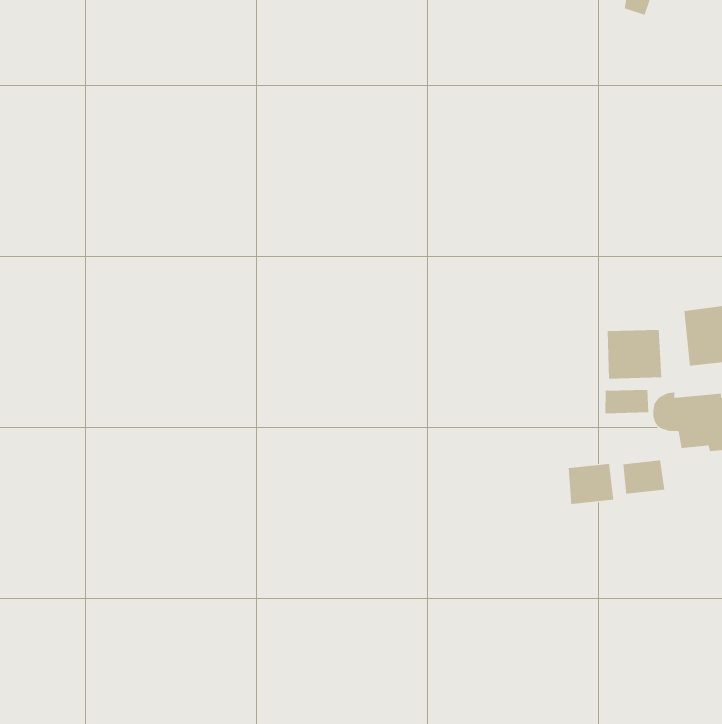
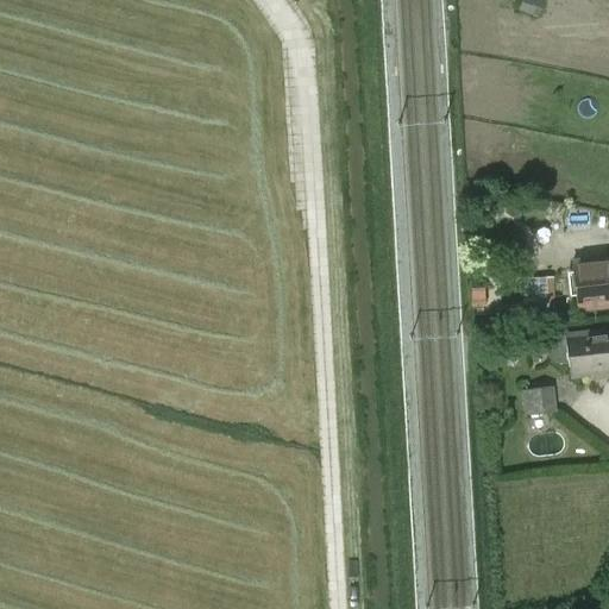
building: [605,389,649,414] -> none
building: [568,463,614,505] -> none

